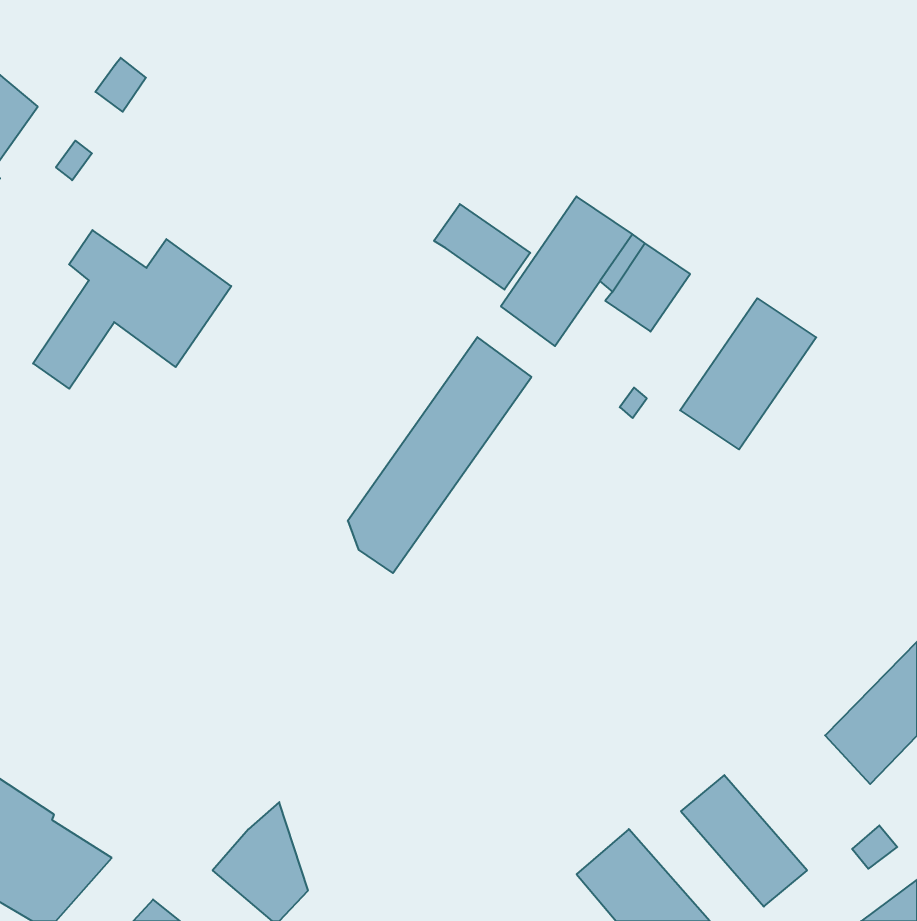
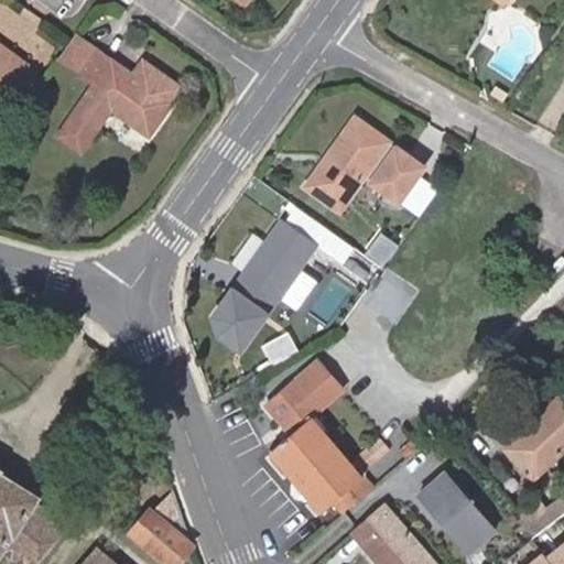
building: [434,204,530,290] -> none
building: [33,230,231,389] -> [61,52,182,149]
building: [680,298,816,449] -> none
building: none -> [267,362,369,513]

